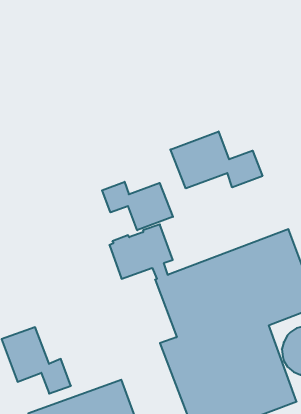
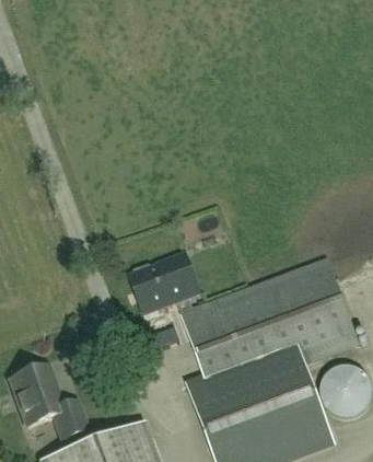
building: [170,131,262,188] -> none
building: [102,182,173,230] -> none

